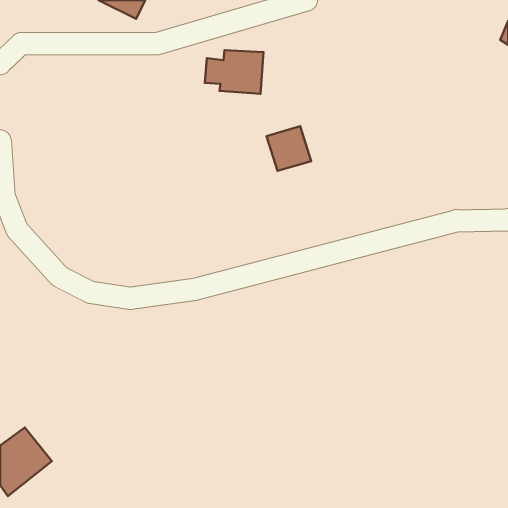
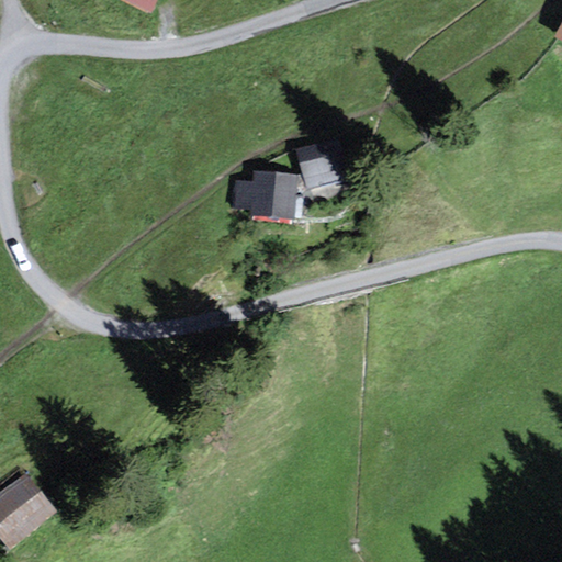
building: [205,50,263,94] -> [233,171,297,220]

